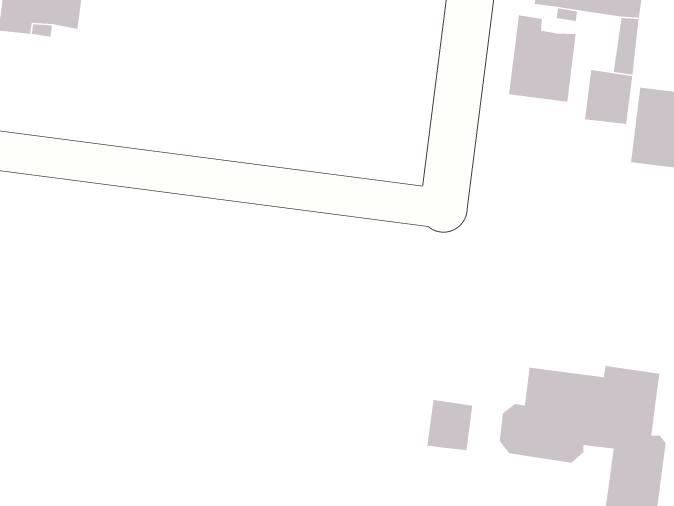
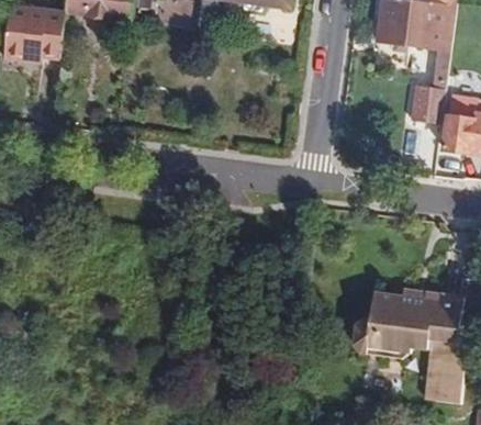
building: [508,14,576,102] -> none
building: [427,399,473,451] -> none

